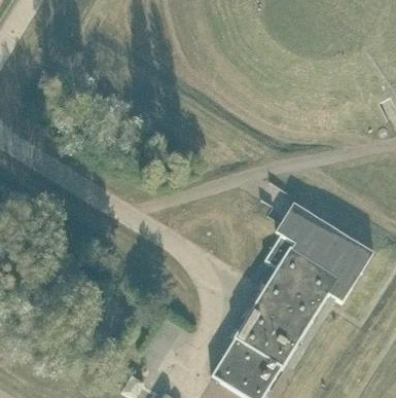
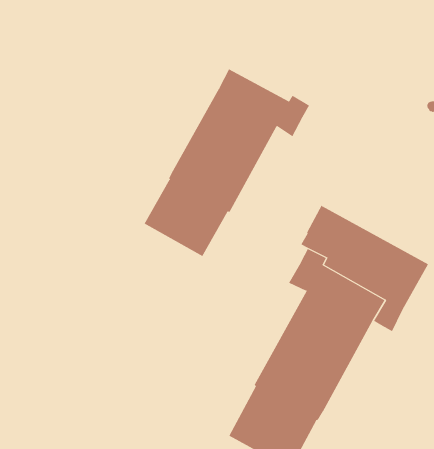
building: none -> [144,69,310,257]

